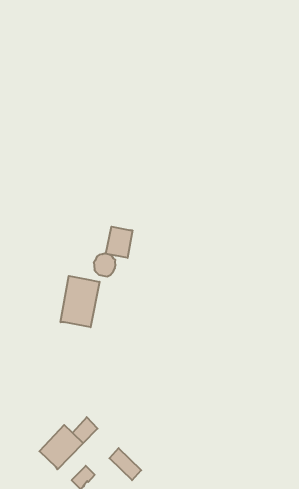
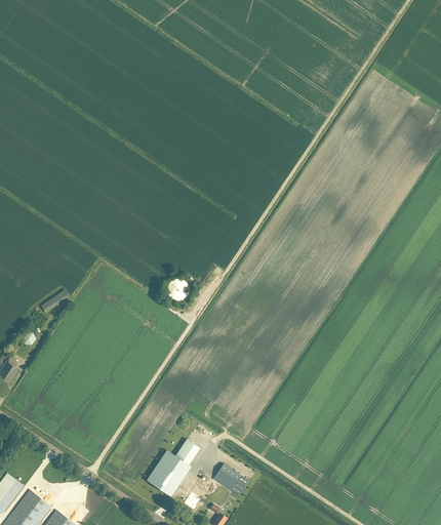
building: [106,227,132,258] -> none
building: [61,276,100,327] -> none

